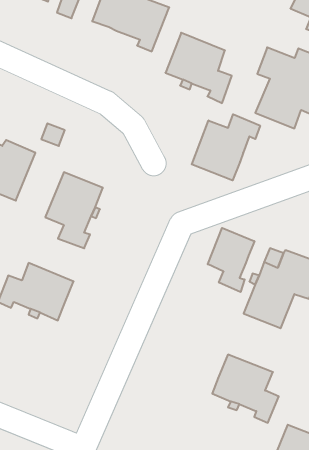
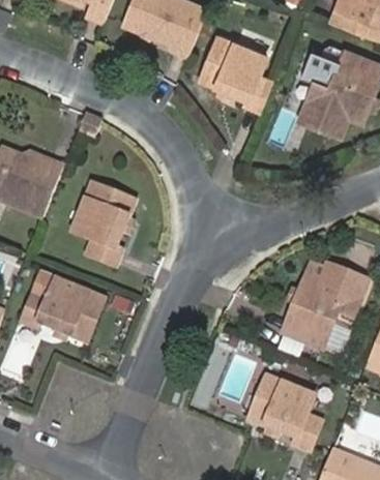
building: [192,114,260,180] -> none
building: [208,228,254,292] -> none

